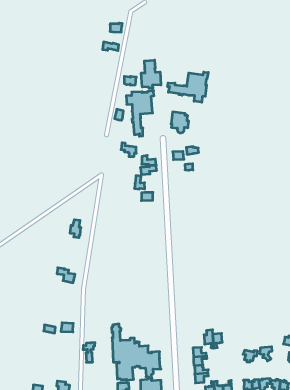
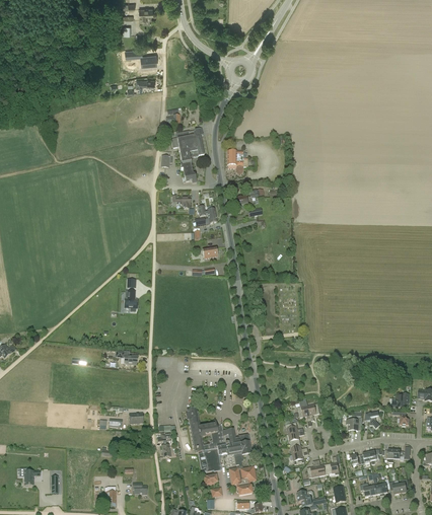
building: [141,60,161,88] -> none
building: [168,72,208,102] -> none

